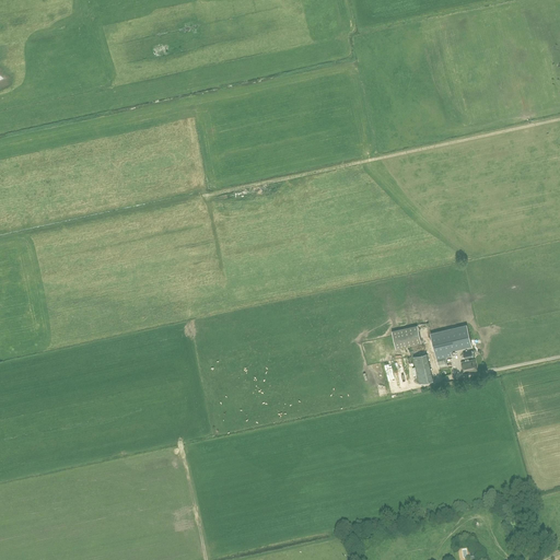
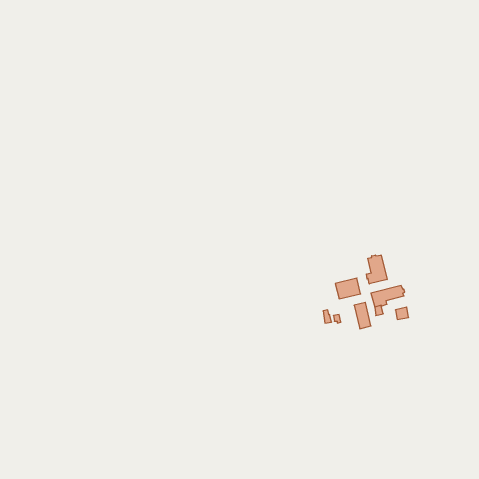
building: none -> [366,255,387,284]

